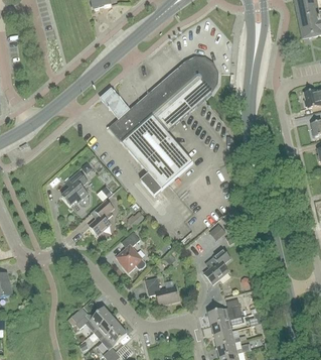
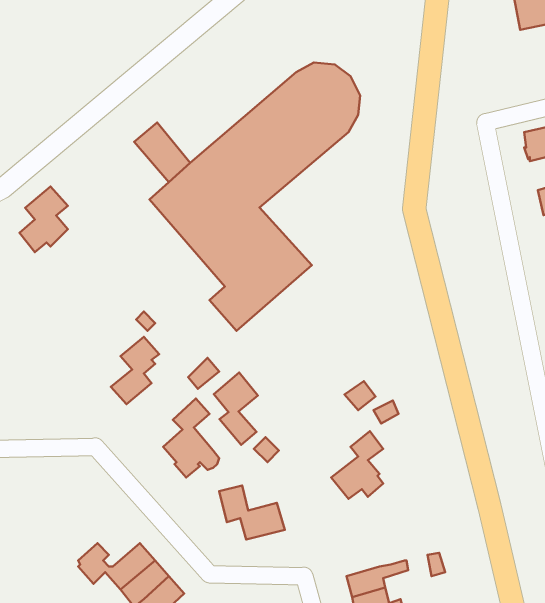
building: [62,170,88,205] -> [20,187,68,252]
building: none -> [214,373,258,445]
building: [208,297,242,324] -> none

